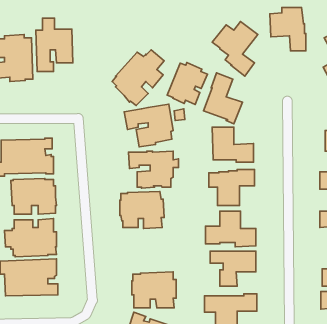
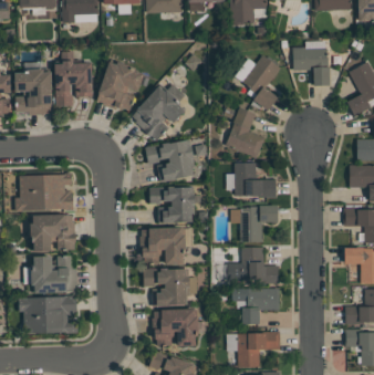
building: none -> [97,61,144,110]
building: [167,63,207,105] -> none
building: none -> [143,268,197,306]

